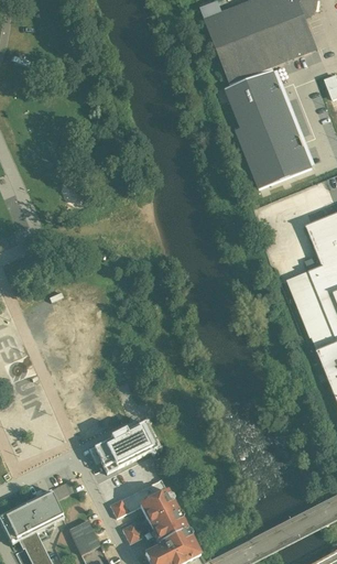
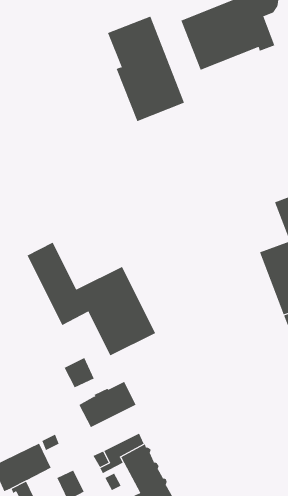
building: [225,70,311,187] -> [107,16,185,122]
building: none -> [27,242,156,356]
building: none -> [64,357,94,388]

